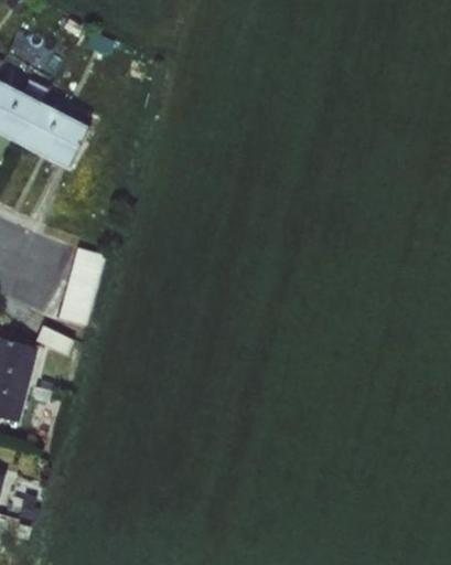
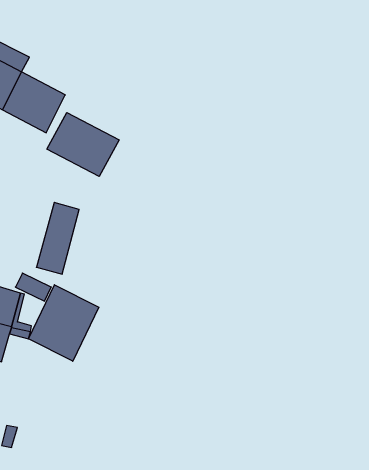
building: none -> [47,113,119,176]
building: none -> [28,285,99,361]

